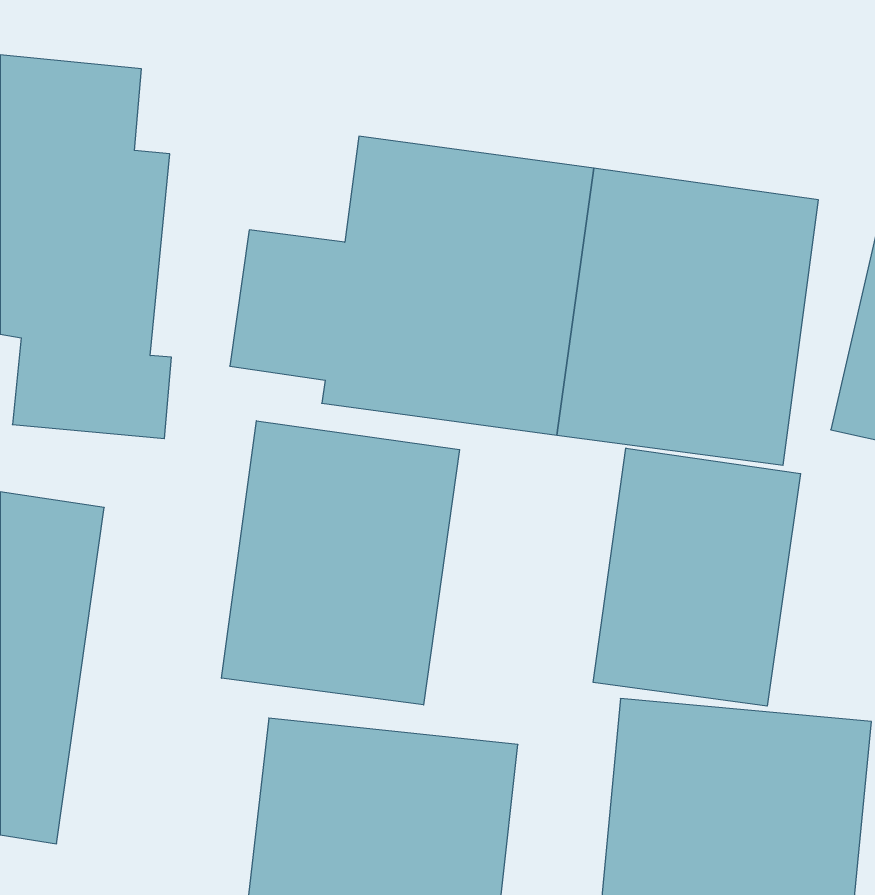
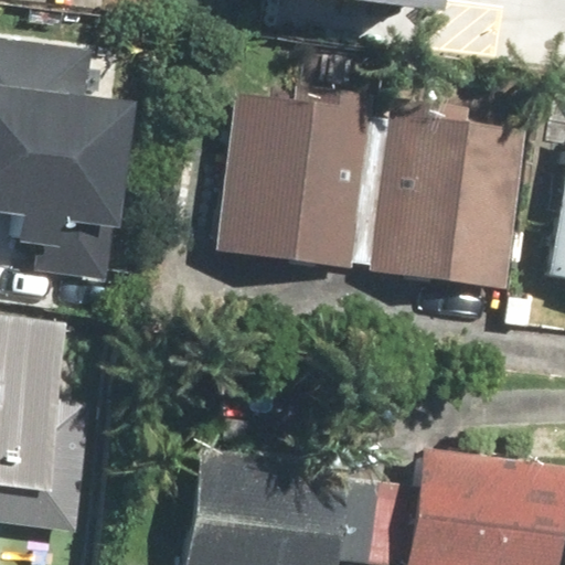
building: [222,421,460,705] -> none
building: [593,448,801,706] -> none

